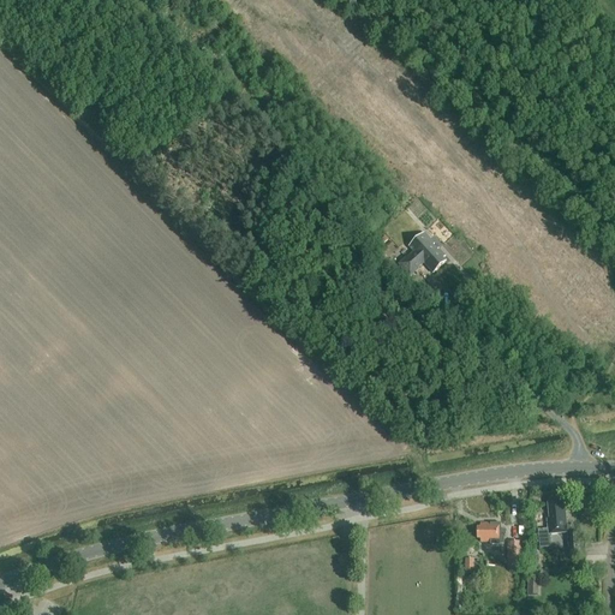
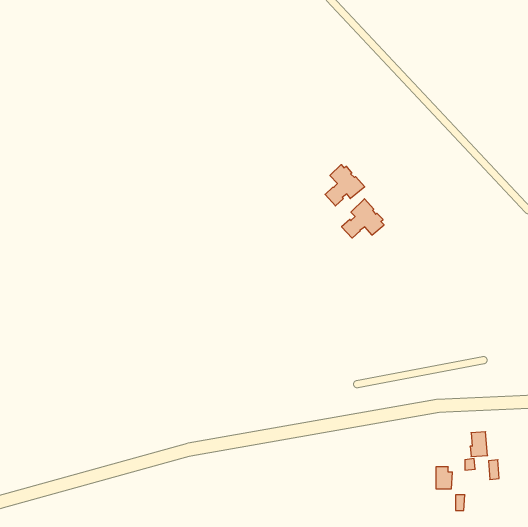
building: none -> [325,165,365,206]
building: [476,523,504,544] -> none

